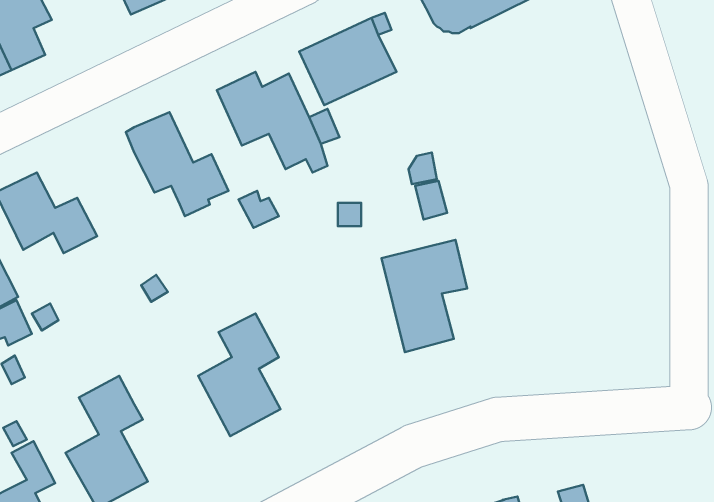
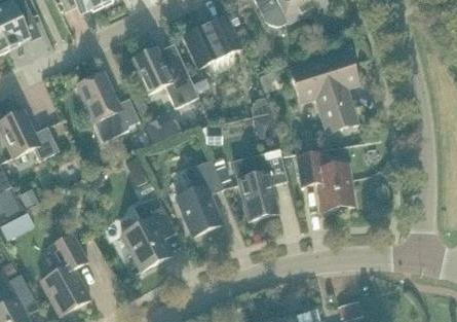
building: none -> [290,50,358,129]
building: none -> [297,153,353,210]
building: none -> [176,159,223,236]

